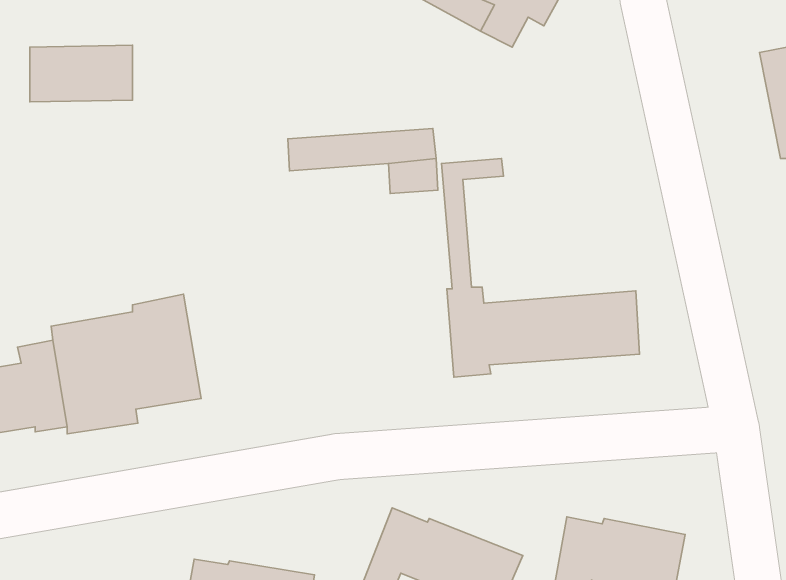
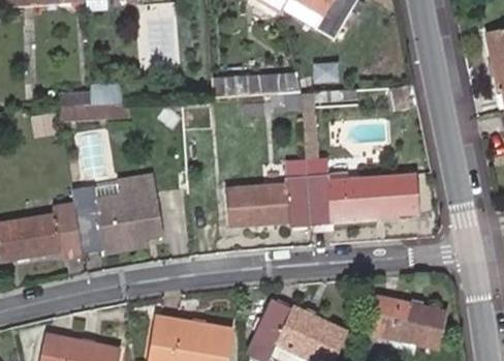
building: [30,45,132,102] -> [66,86,126,119]
building: none -> [225,170,309,224]

